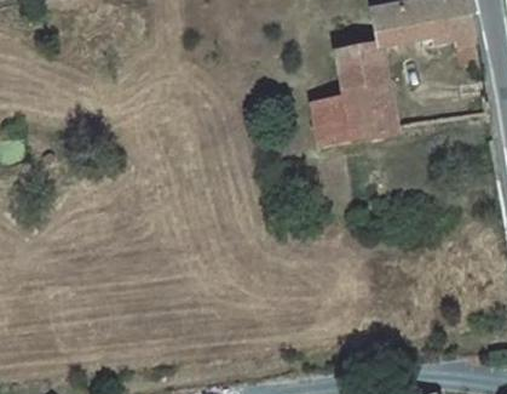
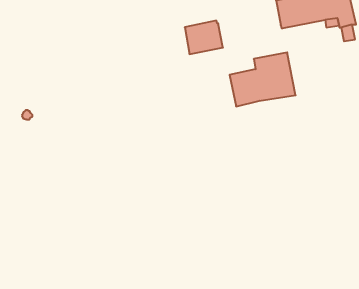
building: [336,40,386,84] -> [185,21,223,54]

